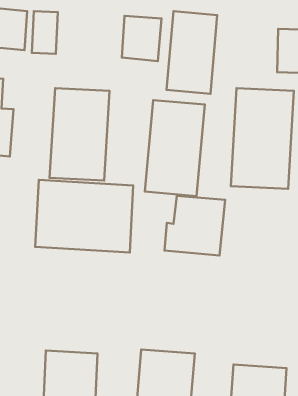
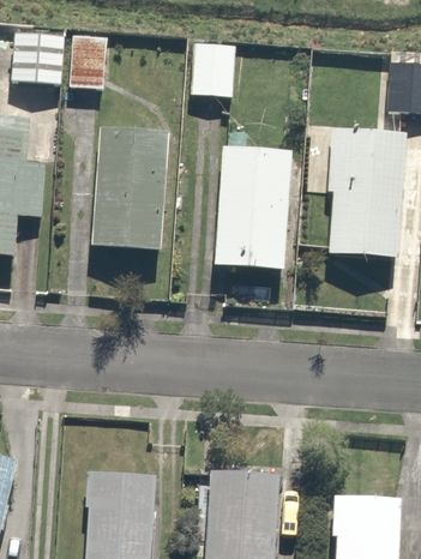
building: [167,11,217,94] -> none
building: [35,180,133,253] -> none
building: [164,196,225,256] -> none

